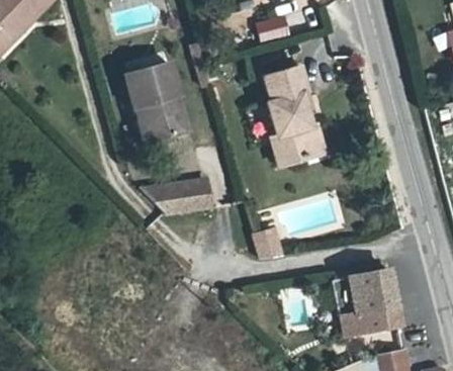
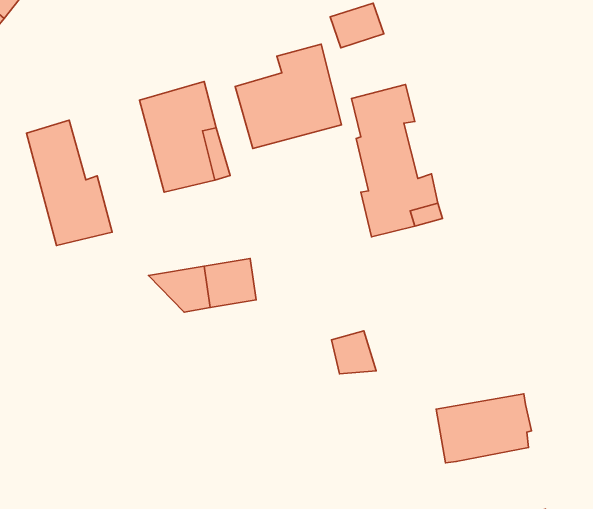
building: none -> [235,44,341,148]
building: none -> [27,120,112,246]
building: [336,304,390,336] -> none

